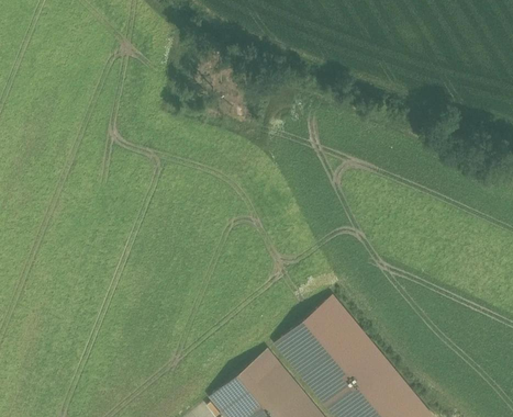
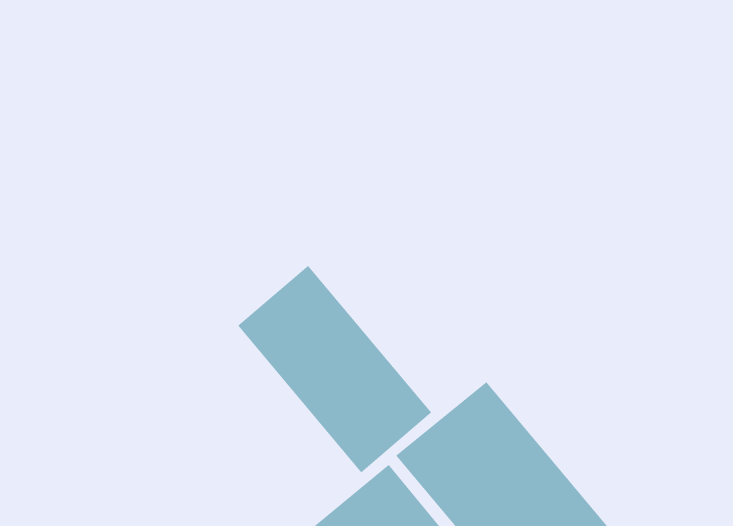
building: none -> [237,265,432,473]

